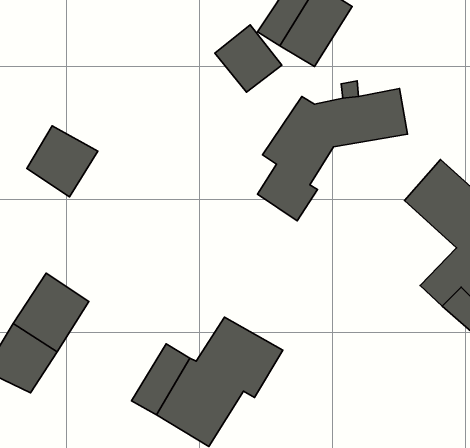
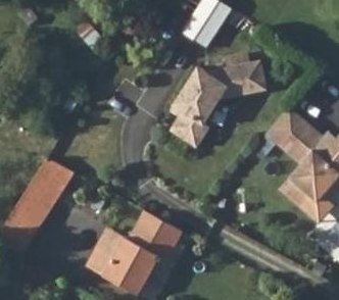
building: [215,25,282,92] -> none
building: [27,126,98,197] -> [33,153,79,199]

